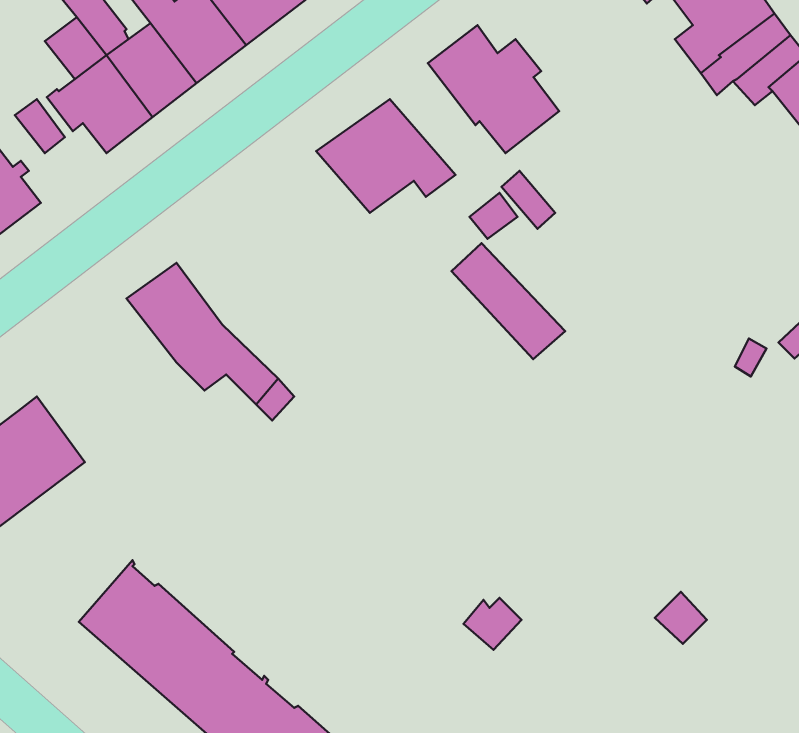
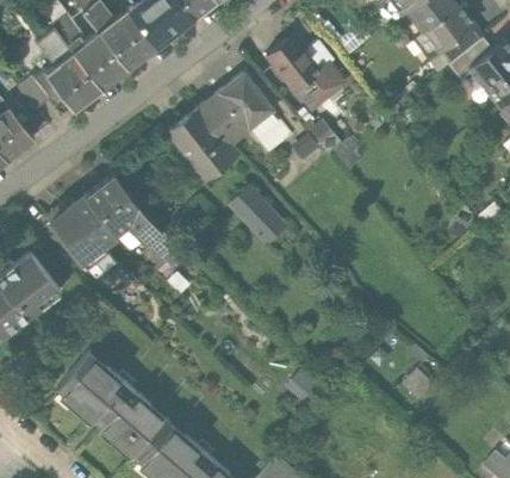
building: none -> [167,107,238,180]
building: [452,243,565,359] -> [230,186,298,255]
building: none -> [45,195,117,277]

